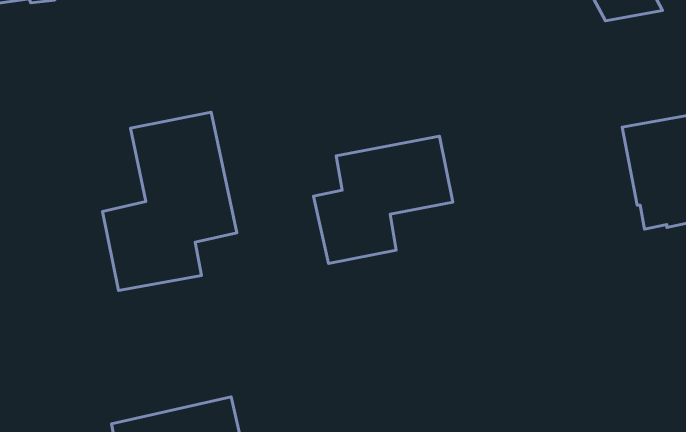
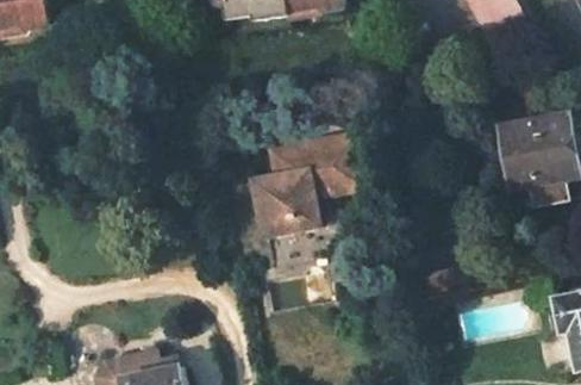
building: [103,112,237,290] -> none

